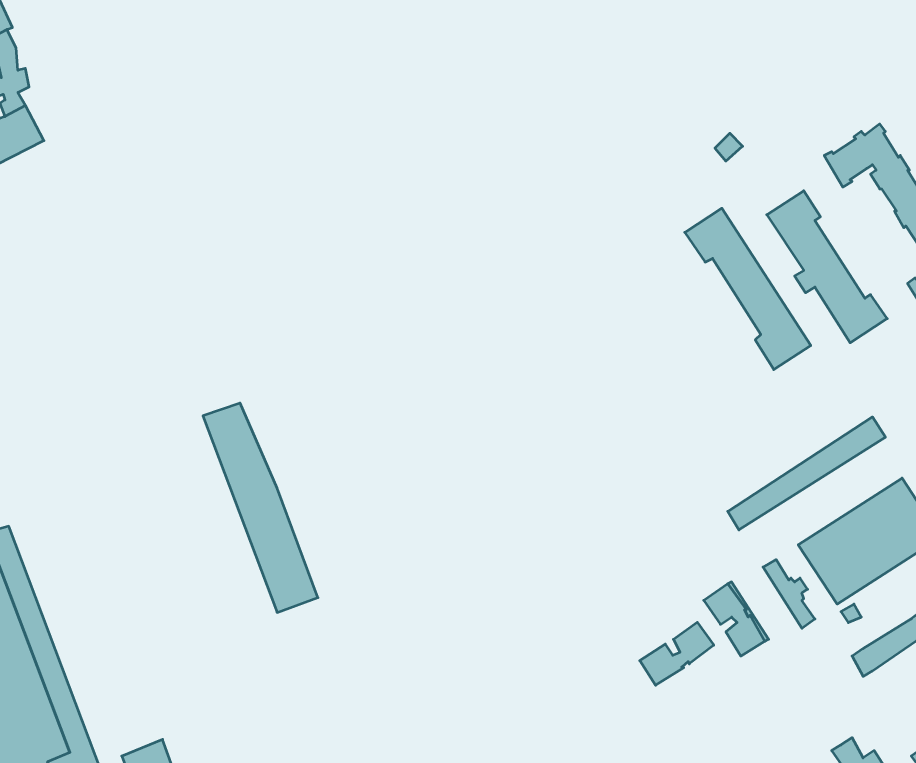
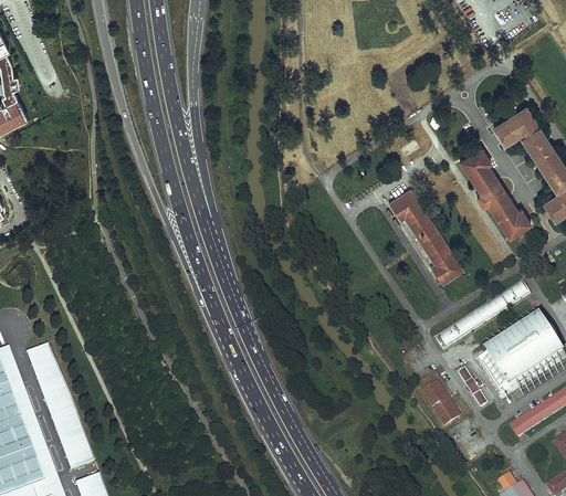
building: [685,208,811,370] -> [388,189,463,285]
building: [203,403,318,612] -> [24,345,93,469]
building: [640,622,714,685] -> none

